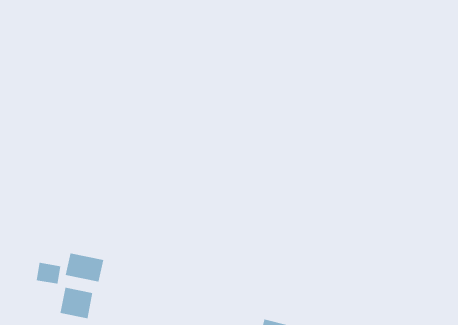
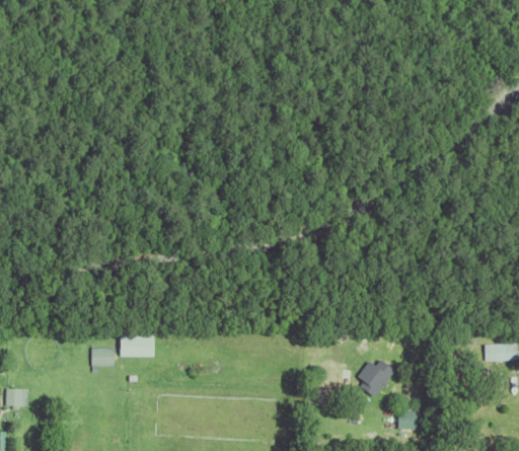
building: [60,287,93,319] -> none

